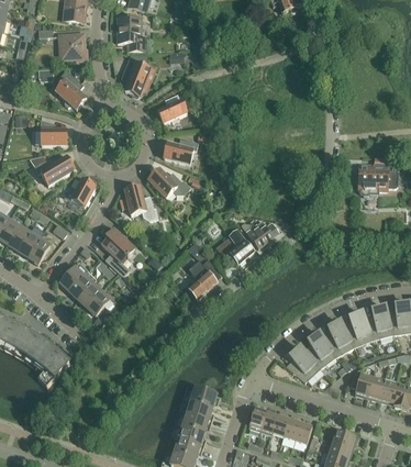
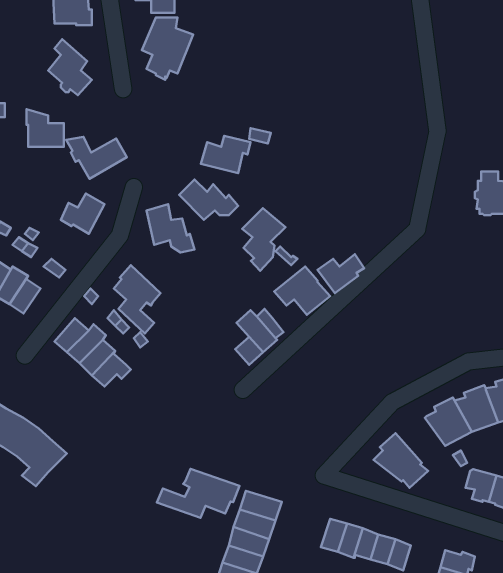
building: [157,92,187,122] -> none
building: [31,154,74,184] -> [66,137,127,179]
building: none -> [242,208,285,271]
building: [302,332,335,367] -> none
building: none -> [157,469,240,518]

